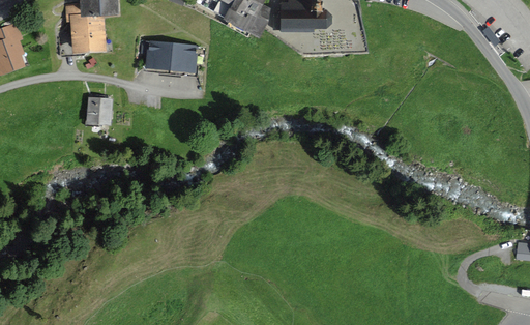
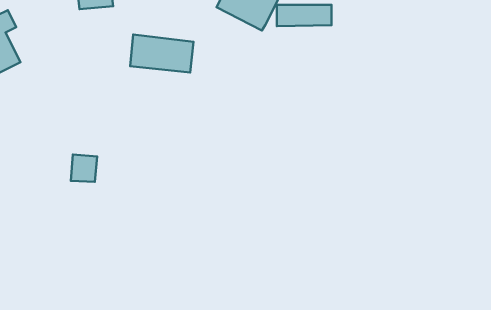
building: [67,9,108,55] -> none
building: [84,95,110,122] -> [71,154,97,182]

